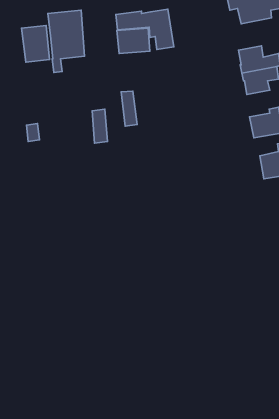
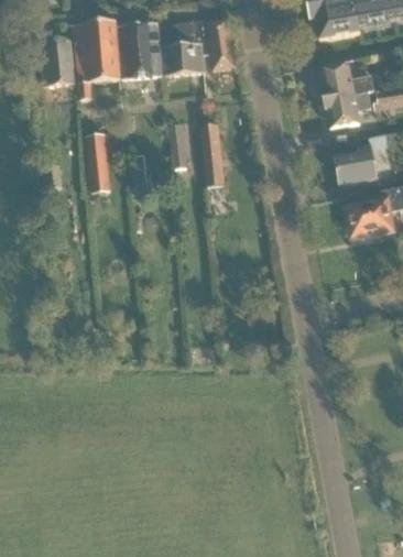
building: none -> [119,21,163,78]
building: none -> [202,123,226,185]
building: none -> [86,132,112,193]

